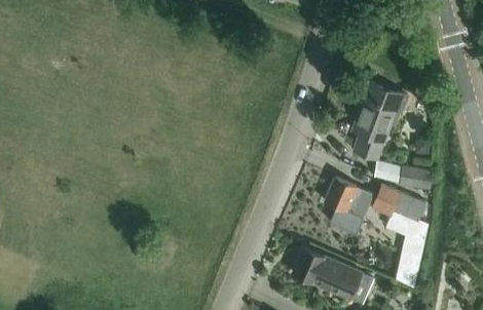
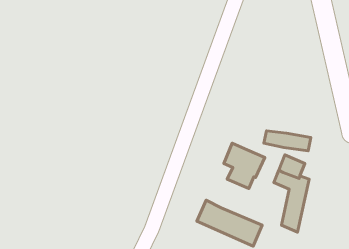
building: [352,83,402,160] -> none
building: [372,186,401,217] -> none

